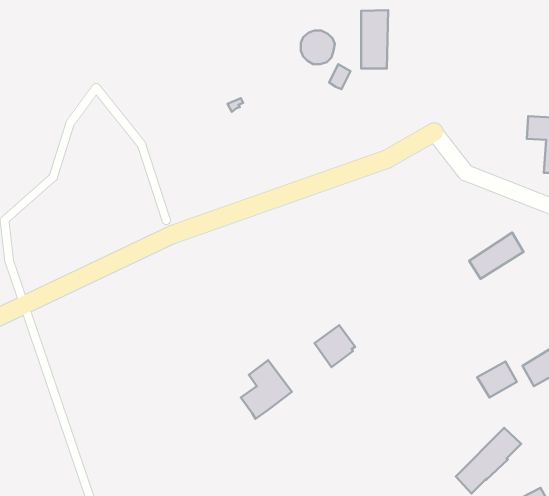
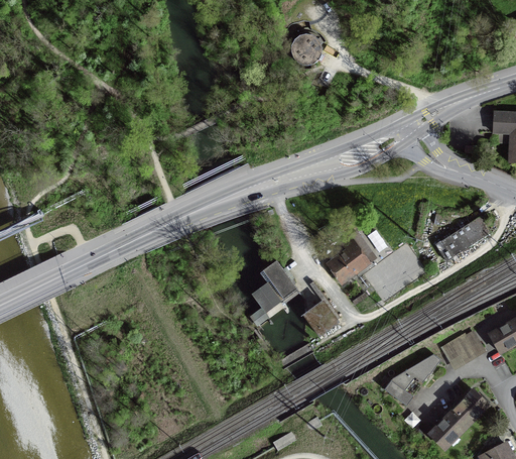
building: [361,10,388,69] -> none
building: none -> [329,233,371,280]
building: [241,360,292,419] -> [252,259,297,312]
building: none -> [384,354,438,405]

